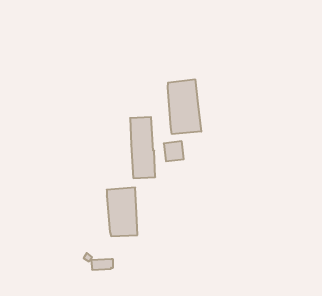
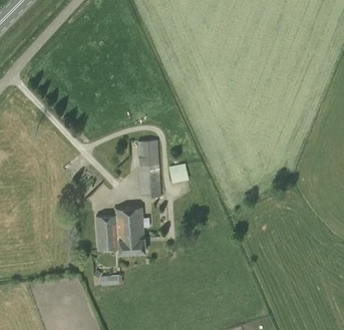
building: [168,79,201,134] -> none
building: none -> [96,216,119,251]

